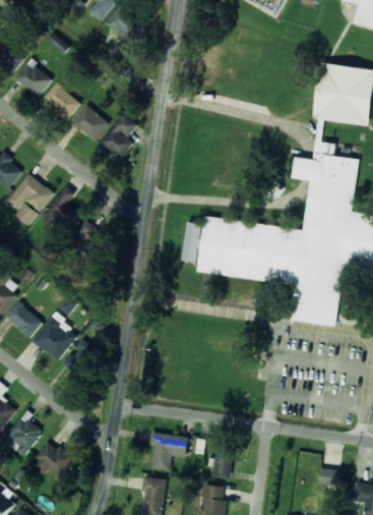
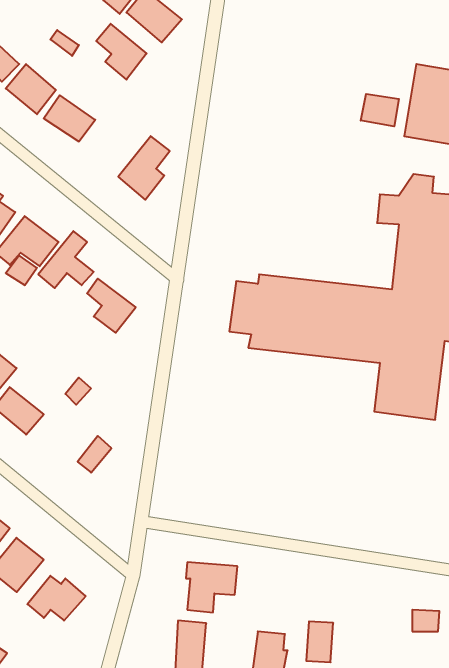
building: none -> [96,24,147,80]
building: none -> [361,94,399,126]
building: [71,105,109,142] -> none
building: [32,313,78,360] -> none
building: [212,448,233,478] -> [306,621,333,662]

